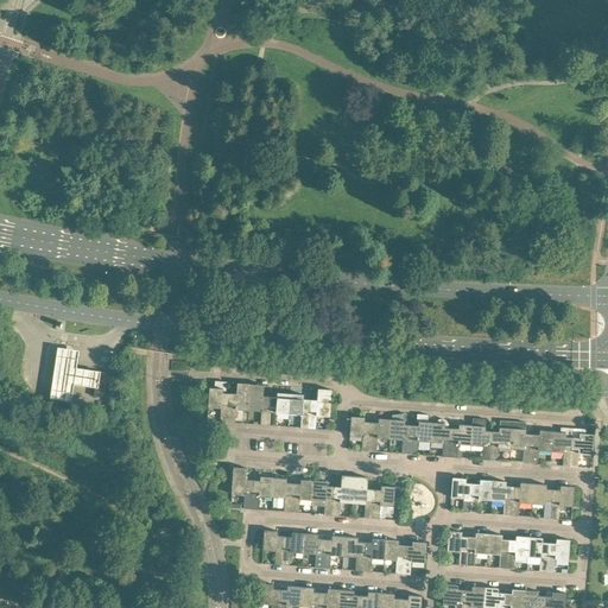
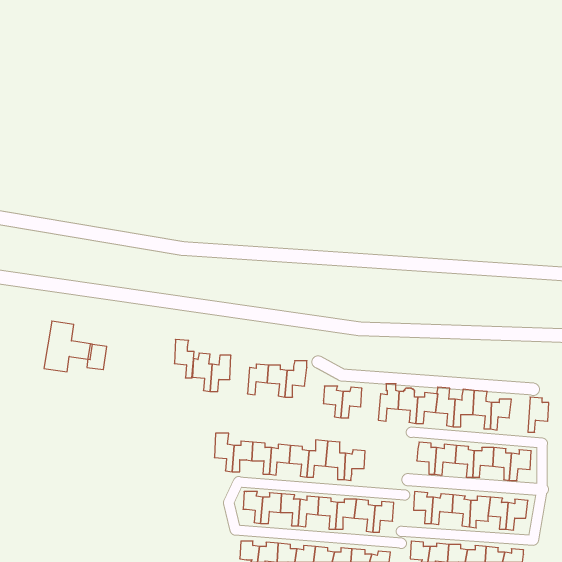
building: [248,384,270,425] -> [174,339,194,378]
building: [390,413,411,454] -> none
building: [550,428,572,467] -> none

